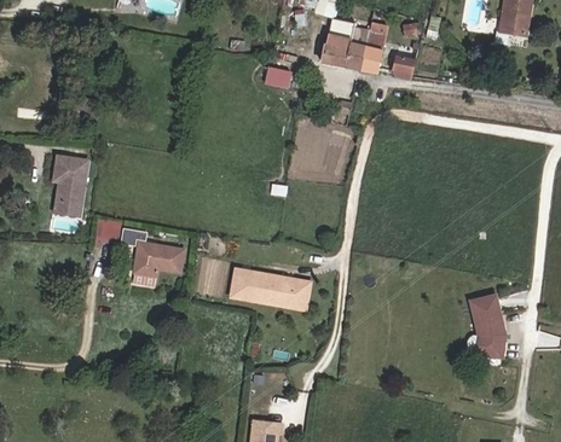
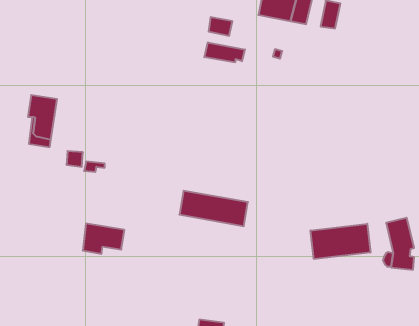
building: none -> [204,42,245,62]
building: [132,243,180,278] -> [83,224,124,254]
building: none -> [311,224,370,259]

